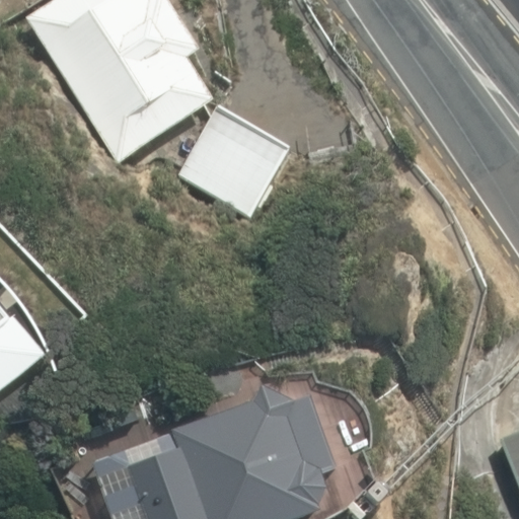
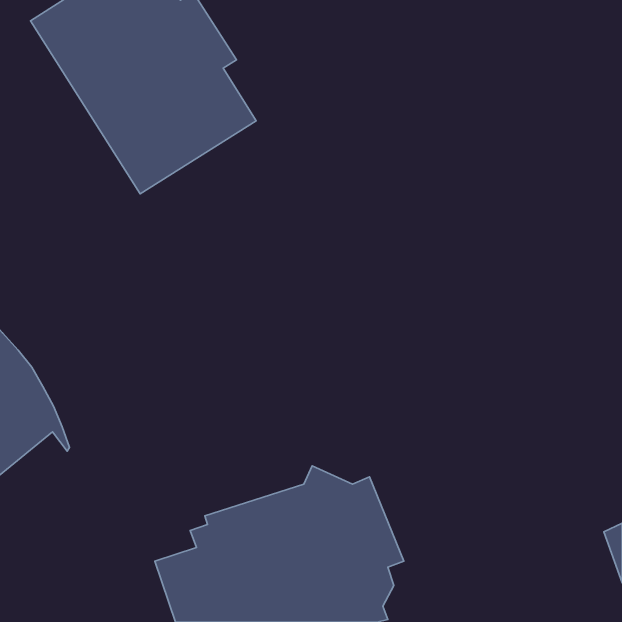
building: [176,107,288,217] -> none

